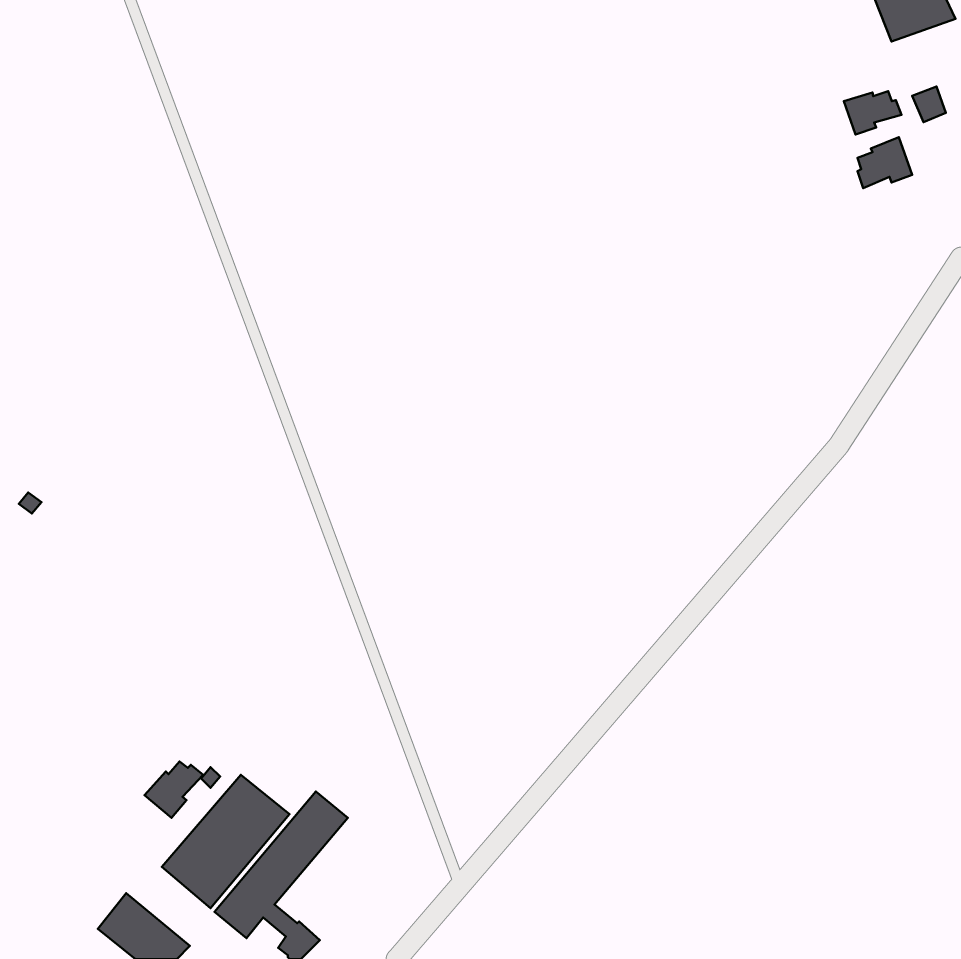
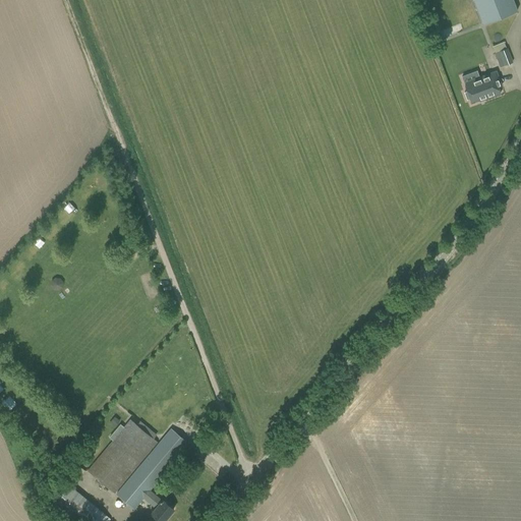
building: [844,91,901,134] -> none
building: [144,761,203,818] -> none

